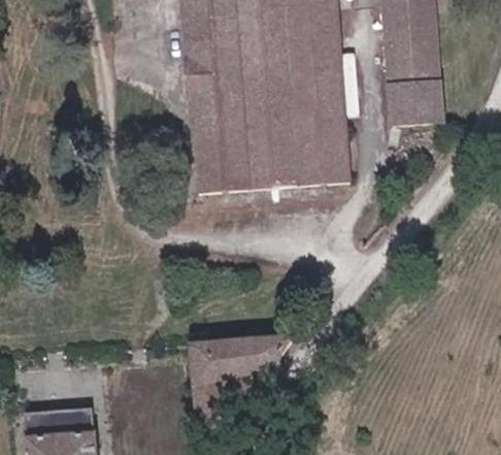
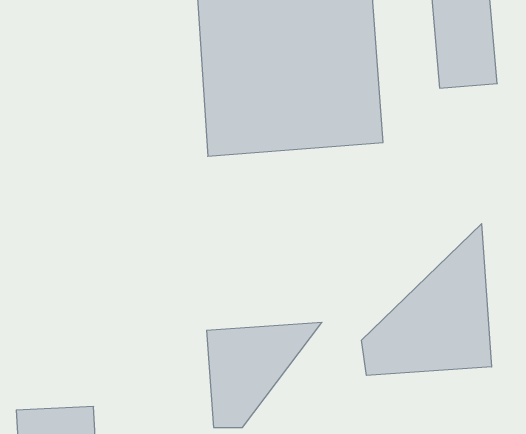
building: none -> [362,224,492,375]

